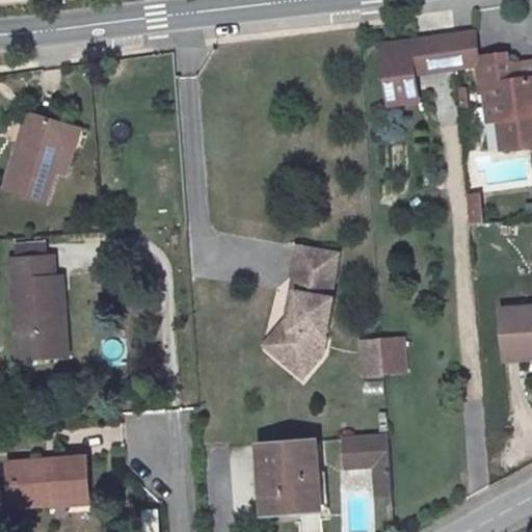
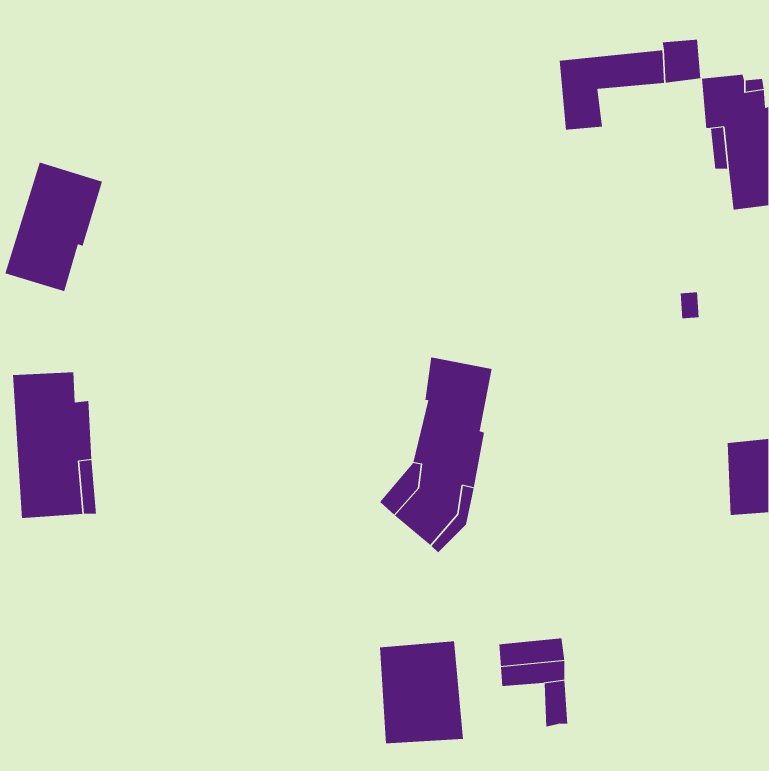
building: [360,340,402,373] -> none
building: [7,457,88,507] -> none

